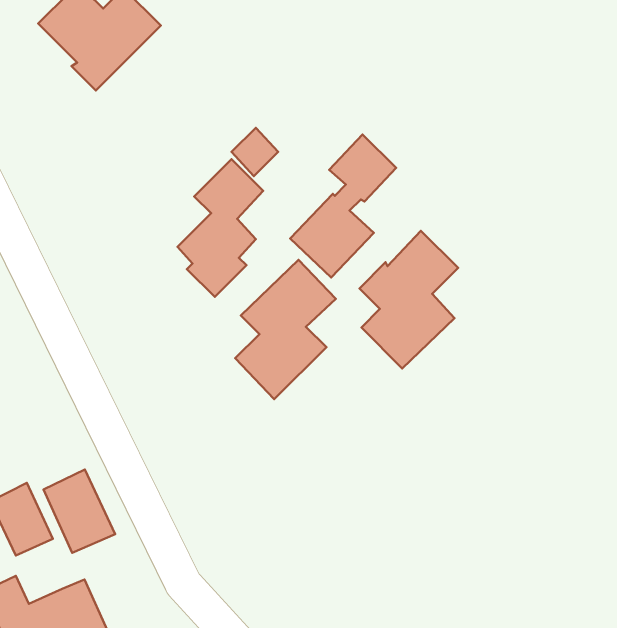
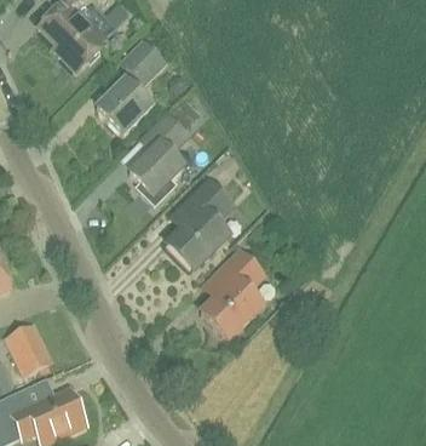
building: [290,134,396,278] -> [97,39,166,132]
building: [360,231,458,368] -> [200,248,264,338]
building: [44,470,115,553] -> none

